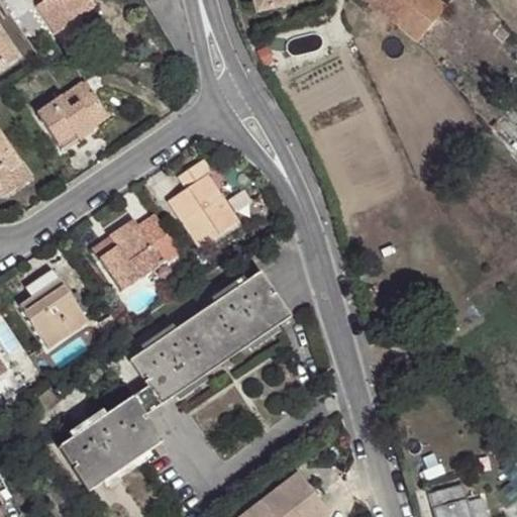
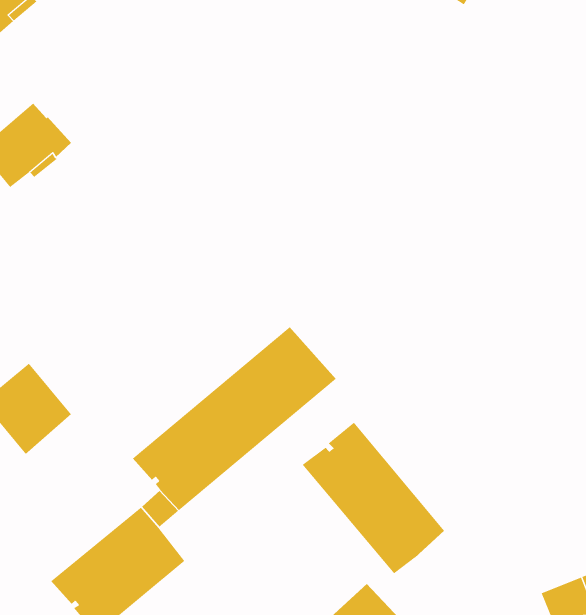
building: [168,158,236,244] -> none
building: [92,214,180,290] -> none
building: none -> [302,422,445,574]

